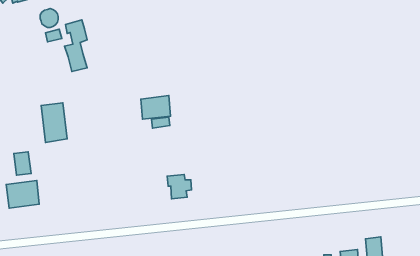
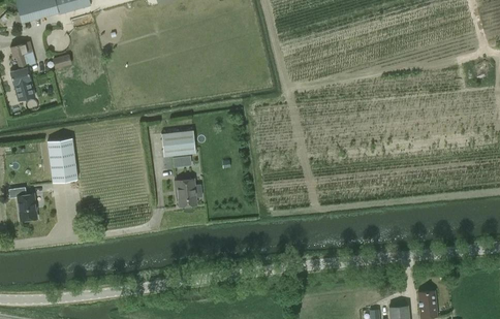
building: [65,20,87,71] -> [9,41,35,100]
building: [167,174,192,199] -> [174,179,201,206]
building: [6,180,39,208] -> none

